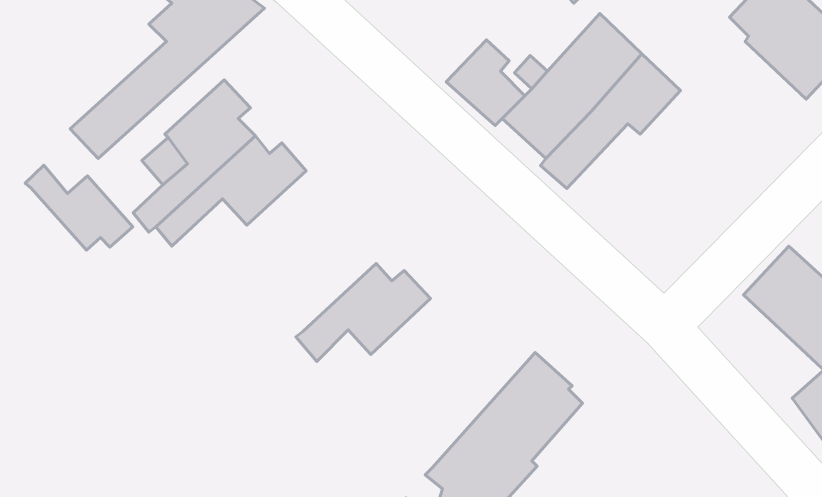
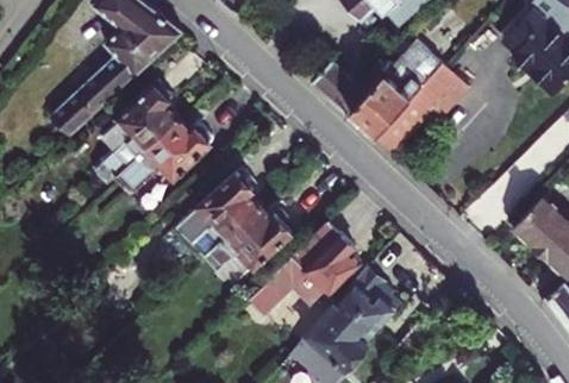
building: [25,165,133,250] -> none
building: none -> [177,169,261,257]
building: none -> [254,224,358,312]

